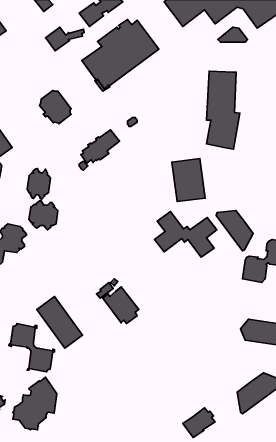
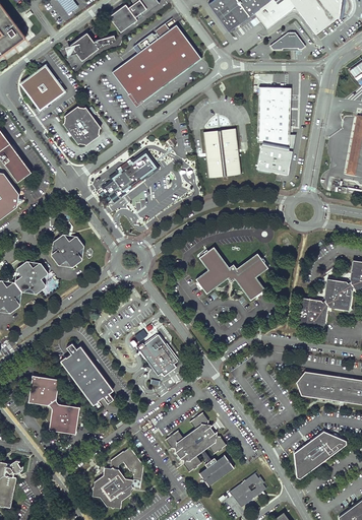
building: none -> [25,70,61,107]
building: [172,159,205,202] -> [202,129,241,179]
building: [27,168,51,199] -> none
building: [216,211,253,251] -> none
building: none -> [166,412,235,486]
building: [13,377,57,430] -> [93,447,143,508]

